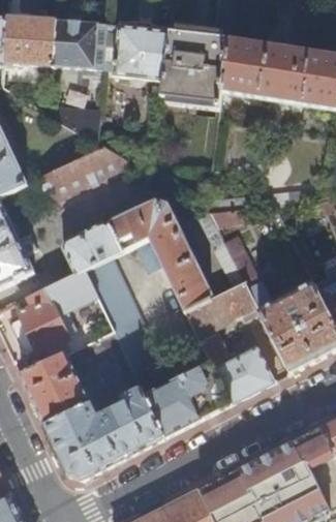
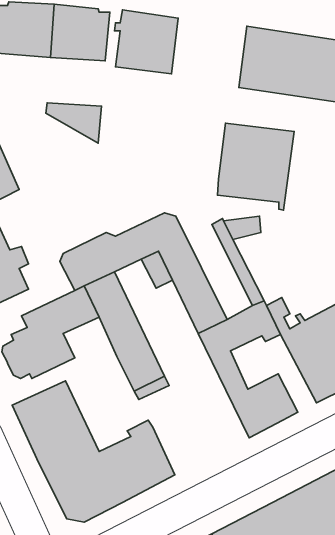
building: [160,29,228,106] -> [217,123,294,210]
building: [37,146,131,201] -> none
building: [145,361,231,436] -> none

